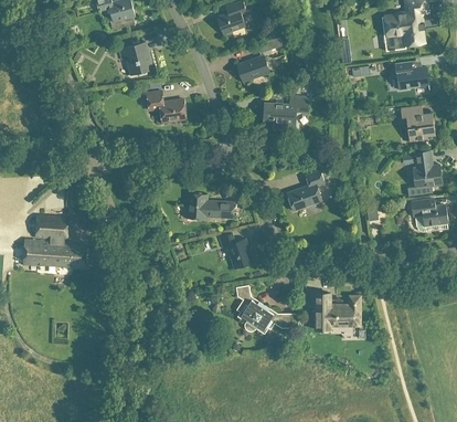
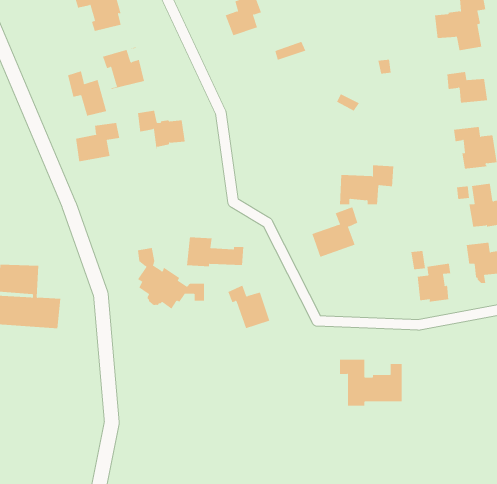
building: [236,54,268,85] -> none
building: none -> [68,71,115,117]
building: [263,95,307,127] -> [339,165,394,205]
building: none -> [76,122,120,171]
building: none -> [417,263,451,303]
building: [235,284,289,334] -> [137,248,205,309]

